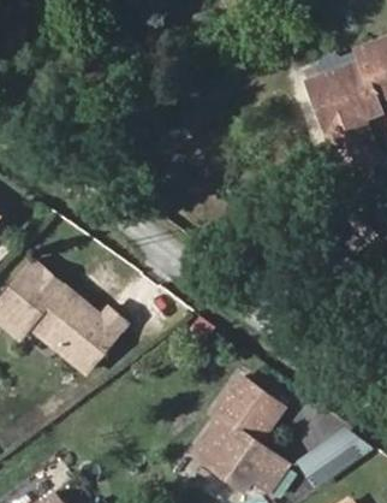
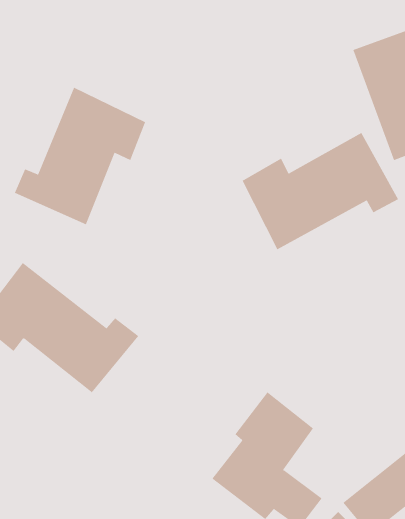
building: none -> [14,87,146,225]
building: none -> [242,132,399,250]

